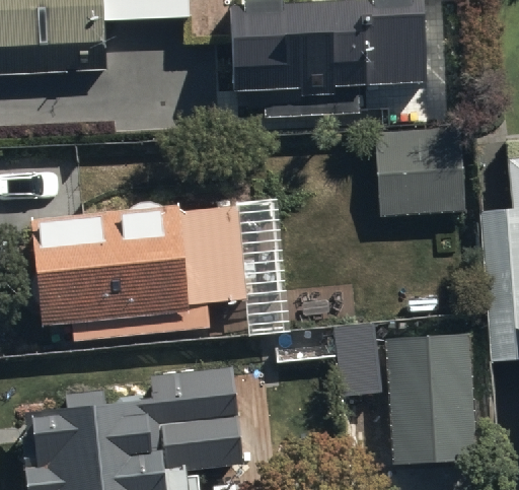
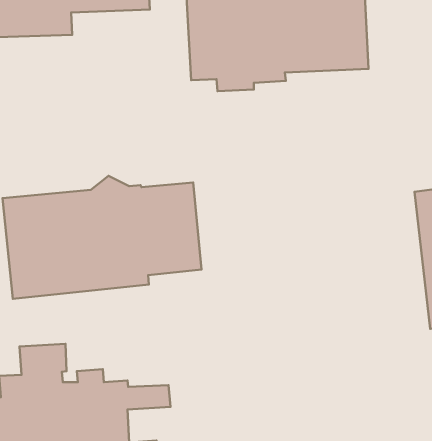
building: [378,127,466,217] -> none
building: [386,328,477,459] -> none

